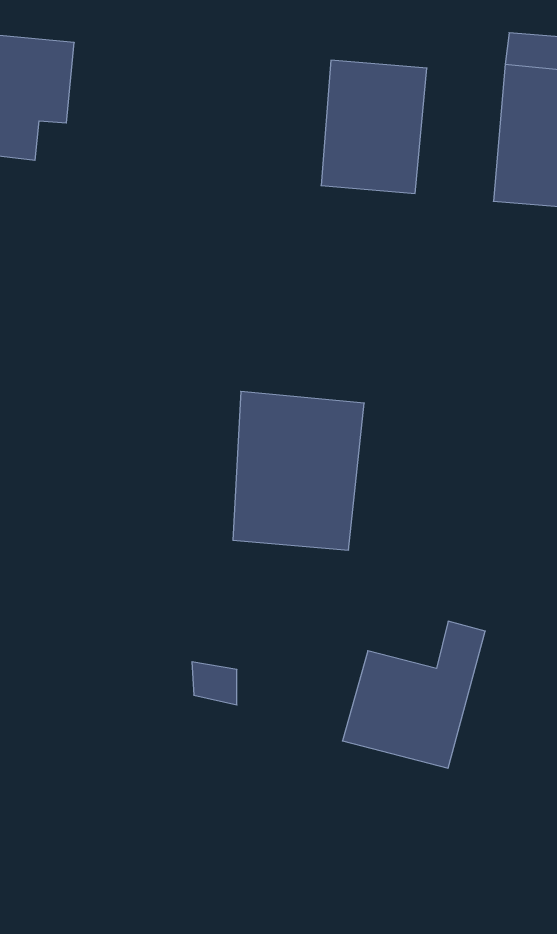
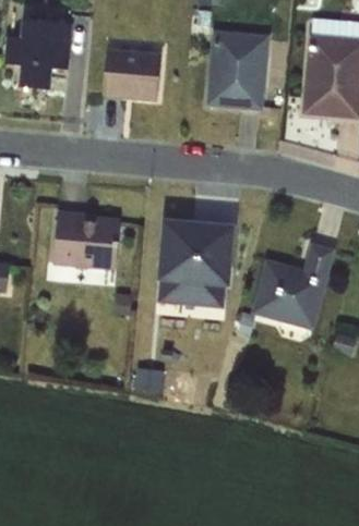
building: none -> [104,51,164,99]
building: none -> [53,213,120,268]
building: [342,621,485,768] -> [253,245,333,327]

